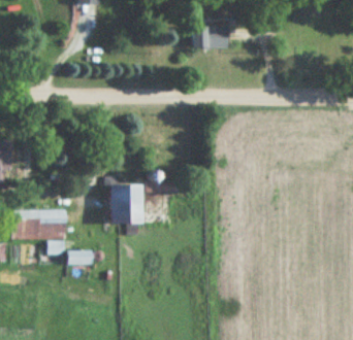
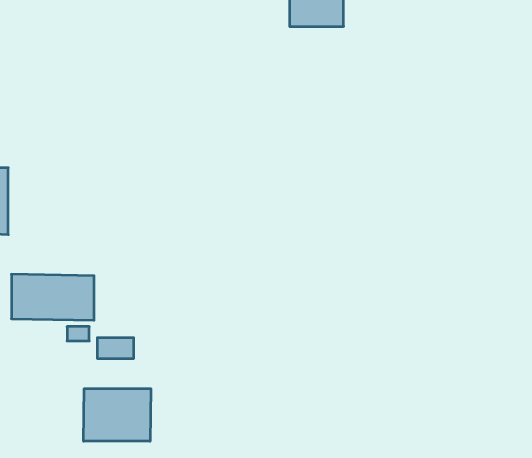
building: [110,184,143,233] -> none
building: none -> [84,389,151,441]

